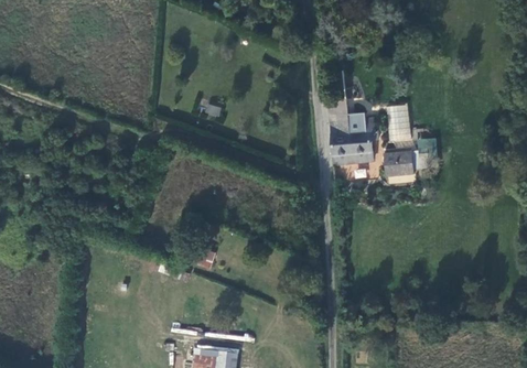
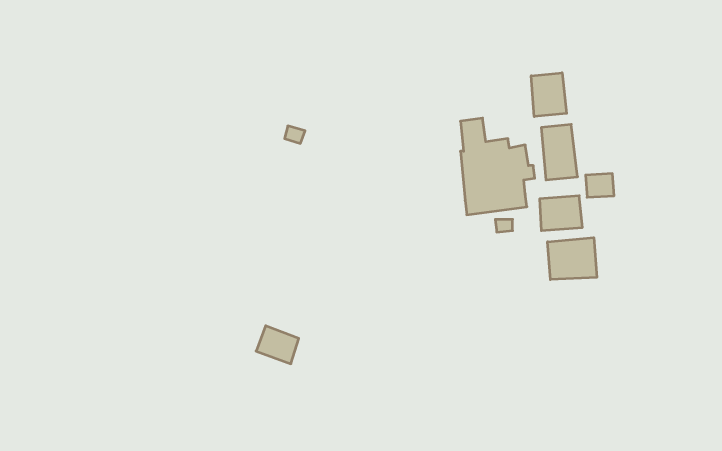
building: none -> [531,73,567,117]
building: none -> [548,238,597,280]

